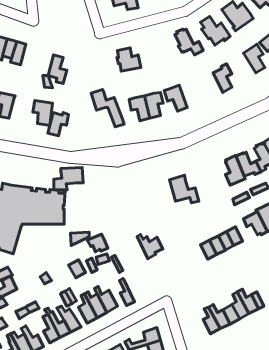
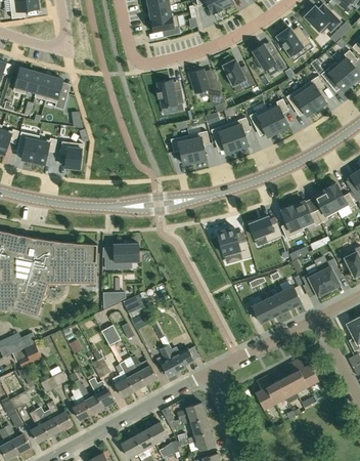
building: none -> [286,87,316,117]
building: [48,55,67,83] -> [46,77,68,110]
building: none -> [250,103,278,137]
building: none -> [228,118,251,150]
building: [91,90,124,127] -> [189,70,227,113]
building: [48,113,68,136] -> [33,138,56,165]
building: none -> [250,217,282,247]
building: [54,168,83,190] -> [105,244,139,269]
building: [137,235,163,259] -> [165,345,194,373]

